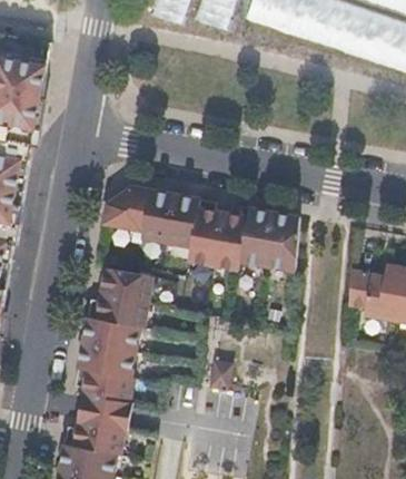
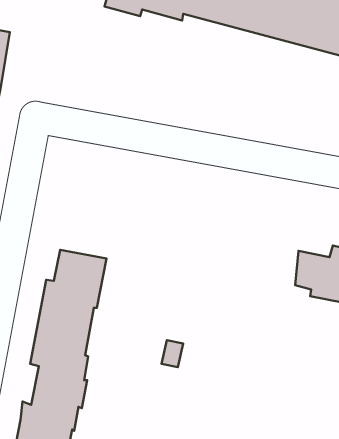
building: [101,187,298,272] -> none

